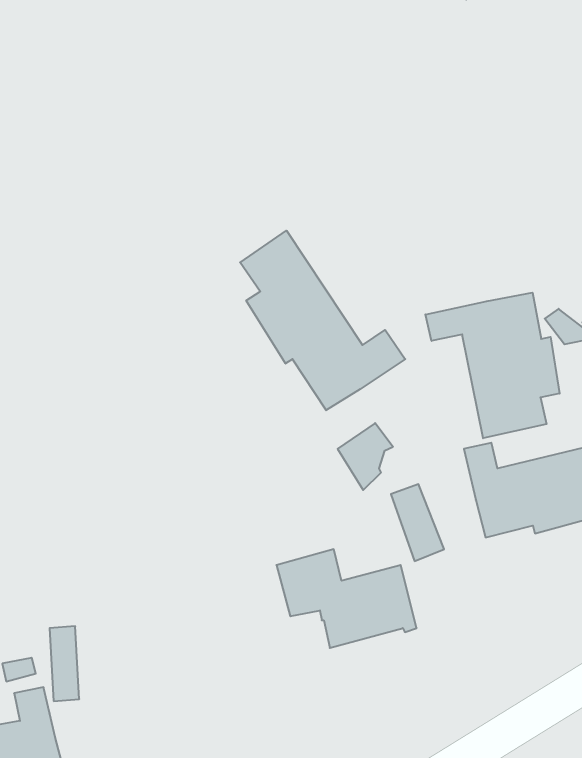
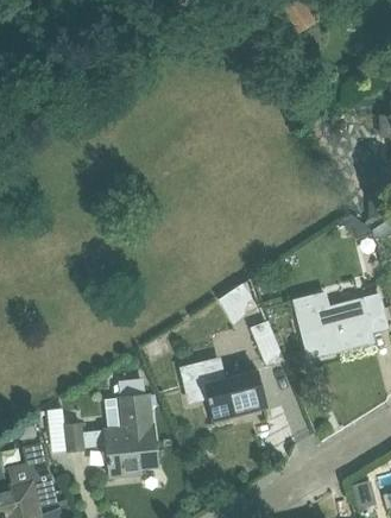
building: [240,231,405,410] -> none
building: [425,293,560,438] -> none
building: none -> [65,393,159,478]

